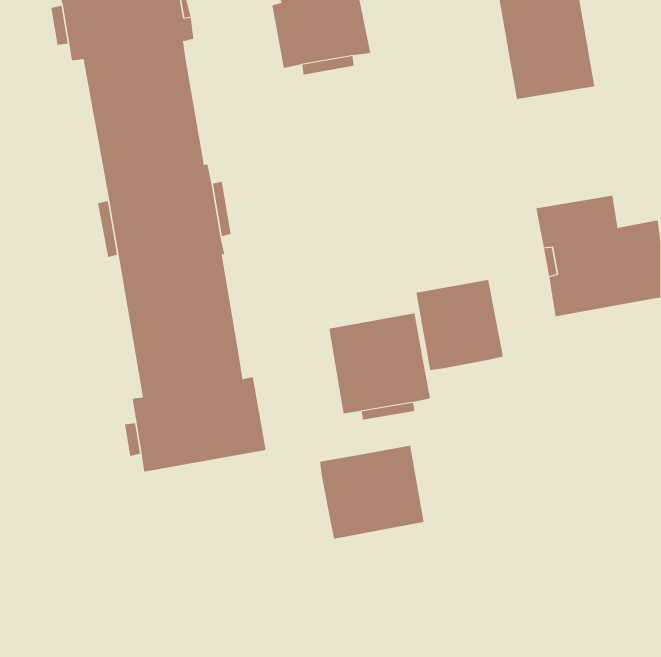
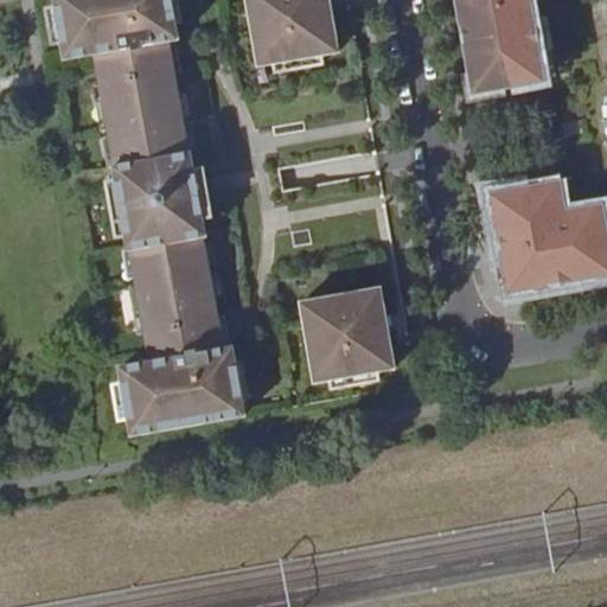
building: [416,279,504,371] -> none
building: [320,445,424,539] -> none

